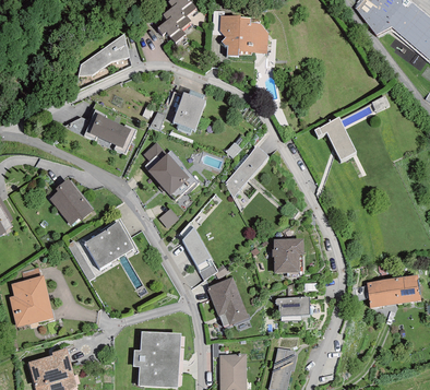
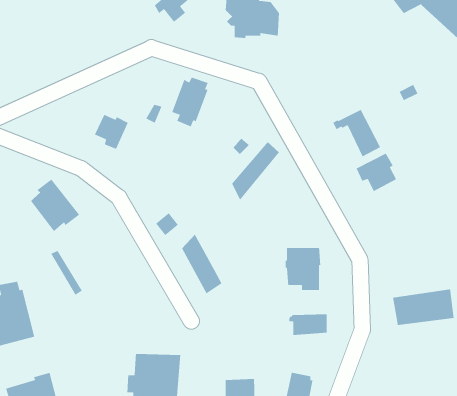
building: [77,34,129,75] -> none
building: [84,109,114,140] -> none
building: [143,142,199,199] -> none
building: none -> [356,153,397,192]
building: [83,221,133,268] -> none
building: [206,275,251,326] -> none

